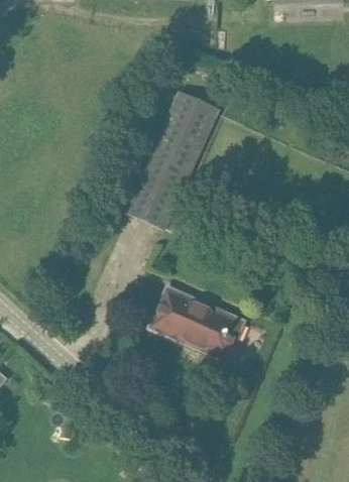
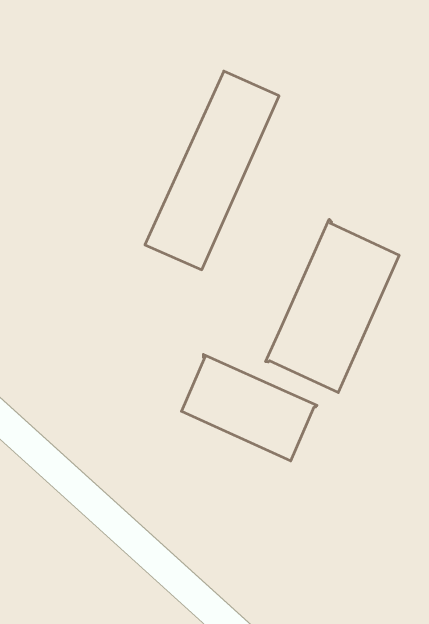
building: none -> [266,219,399,393]

